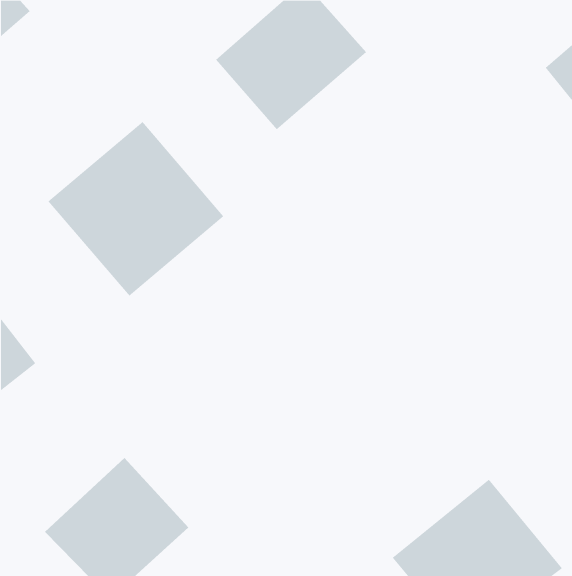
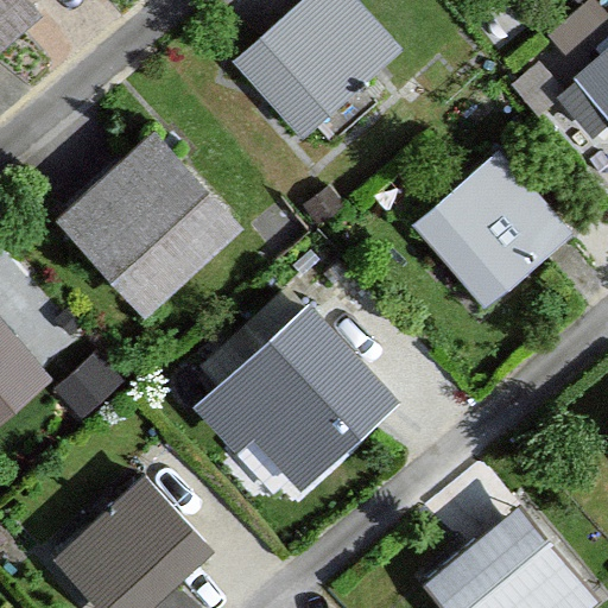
building: none -> [408,153,570,315]
building: none -> [211,300,403,489]

